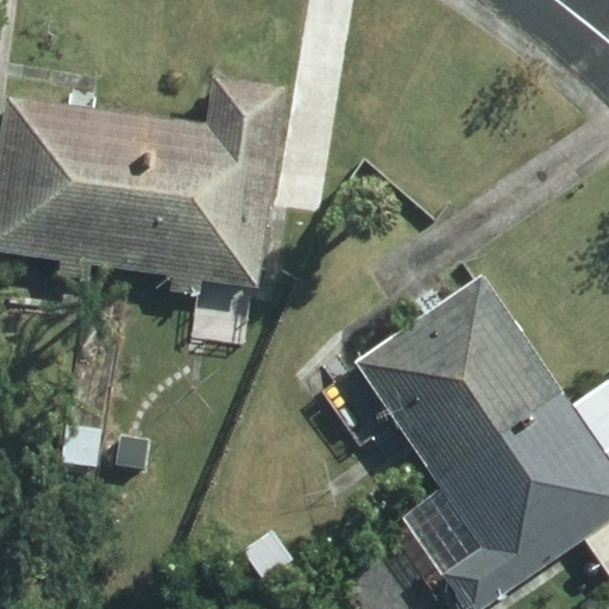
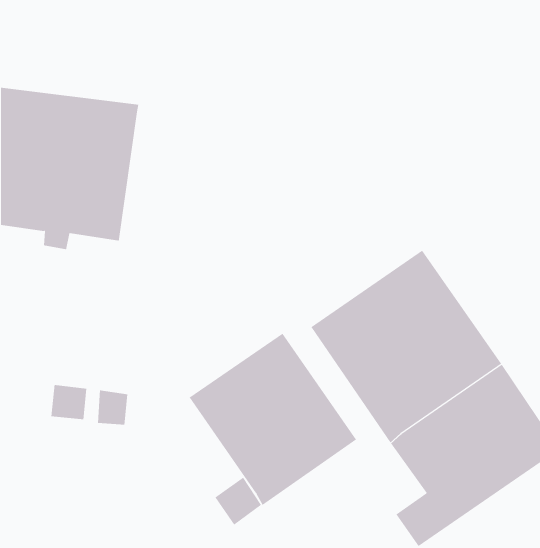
building: [144,81,282,293] -> none
building: none -> [189,333,357,506]

